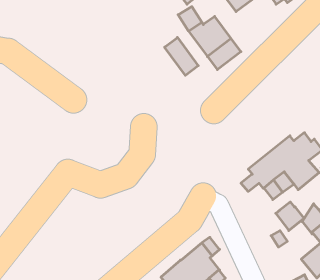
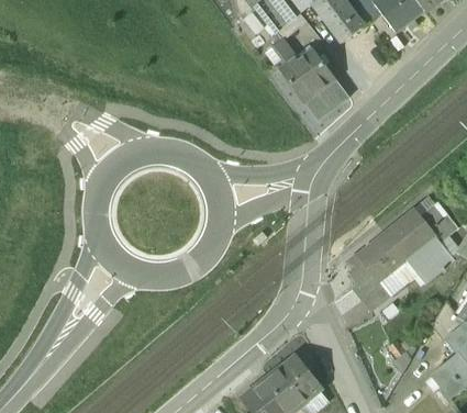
building: [165,37,198,75] -> none
building: [276,202,304,231] -> [354,272,392,311]

